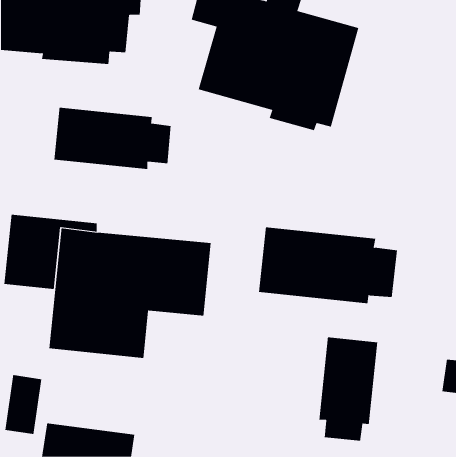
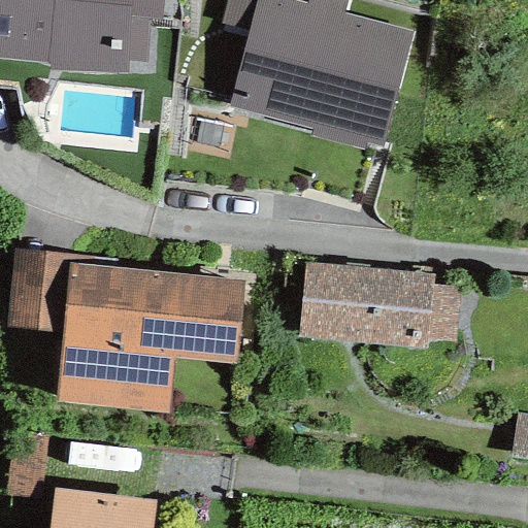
building: [54,107,171,170] -> none
building: [319,337,378,442] -> none

